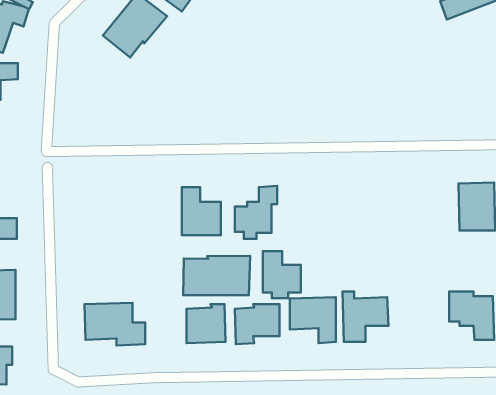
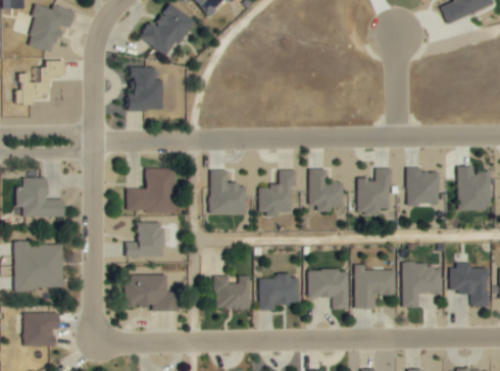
building: none -> [128,66,163,111]
building: none -> [406,167,439,205]
building: none -> [126,168,177,213]
building: none -> [357,168,391,212]
building: none -> [127,222,164,257]
building: [263,251,301,298] -> [309,169,343,211]
building: [183,256,250,295] -> none
building: none -> [401,264,441,308]

